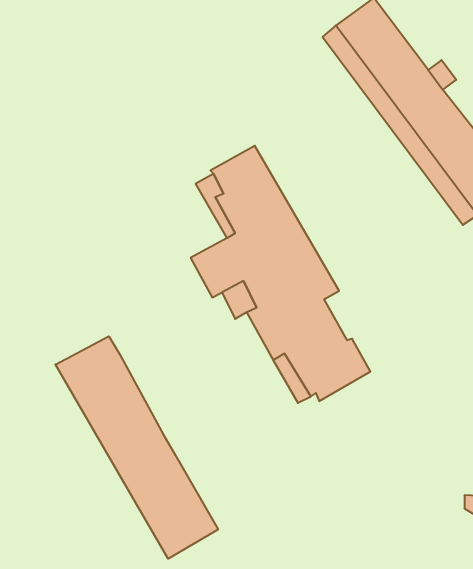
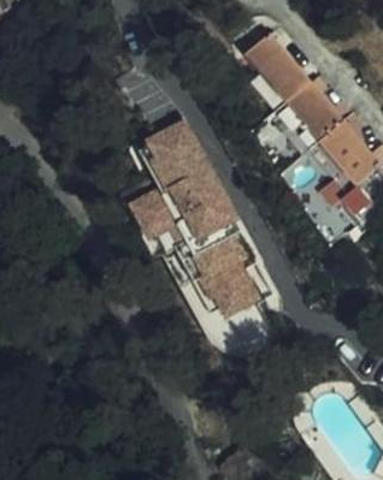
building: [55,336,218,559] -> none

